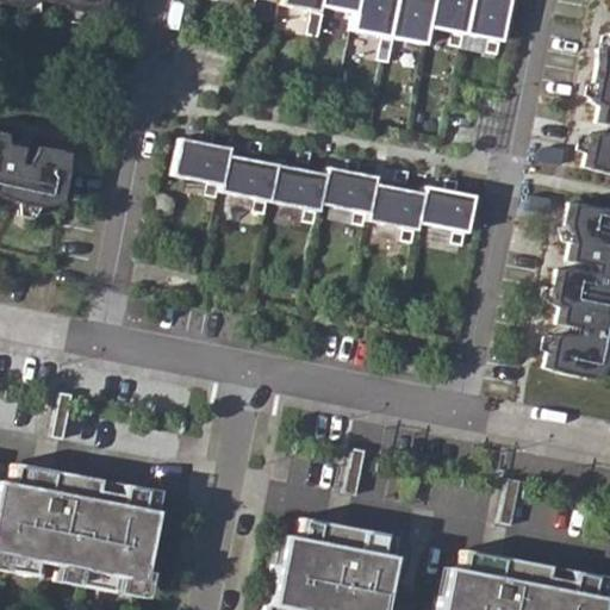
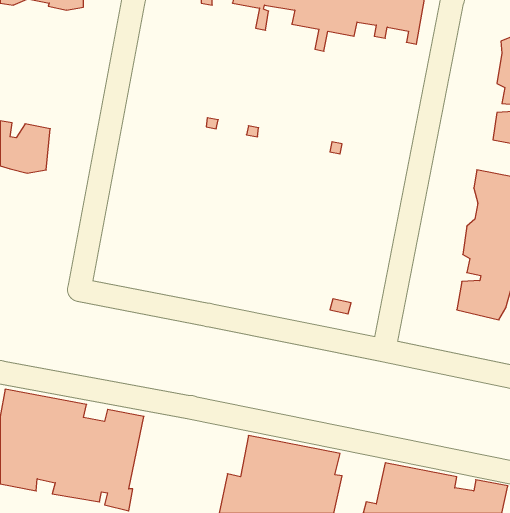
building: [170,131,472,243] -> none

